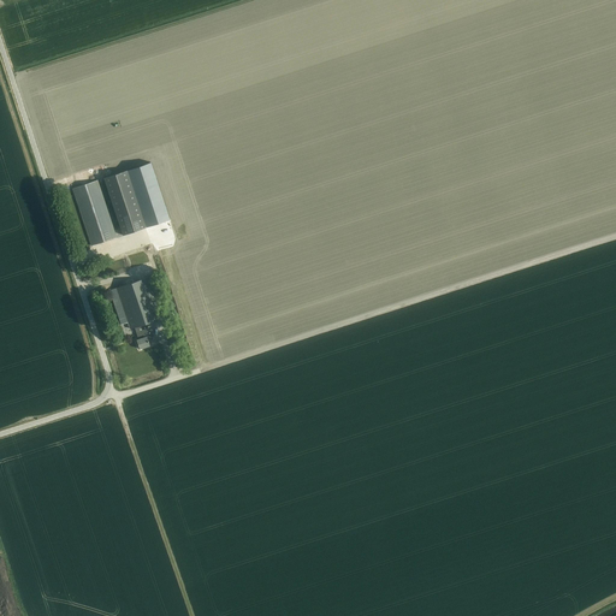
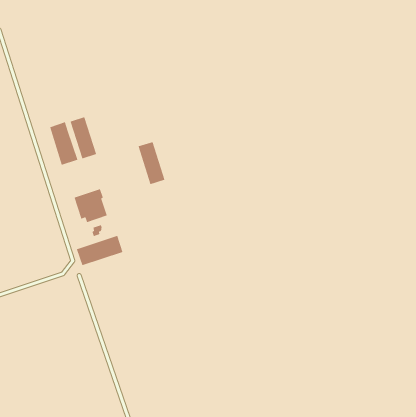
building: [126,164,167,229] -> [138,141,165,185]
building: none -> [76,235,124,266]

